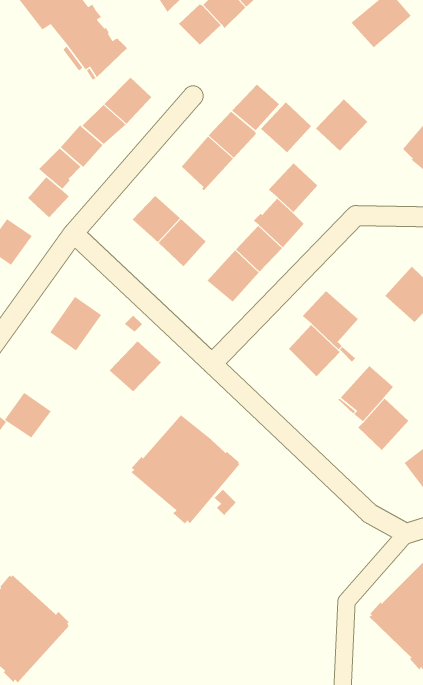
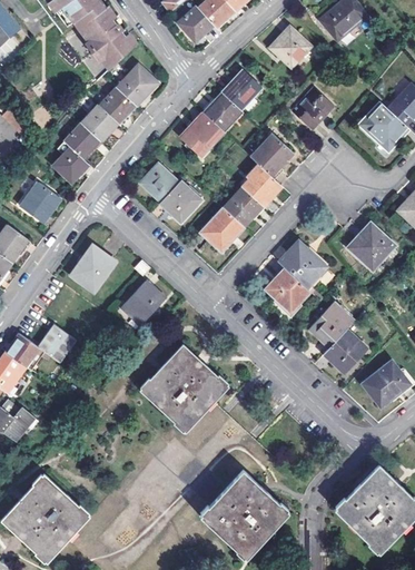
building: [260,102,312,153] -> [270,28,313,70]
building: none -> [201,468,292,558]

